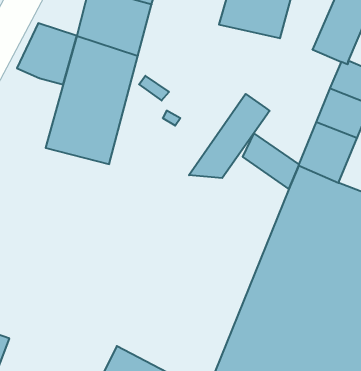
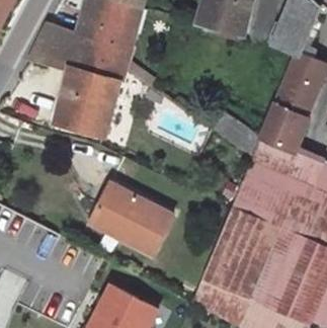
building: [189,94,270,178] -> none
building: none -> [92,181,173,255]

